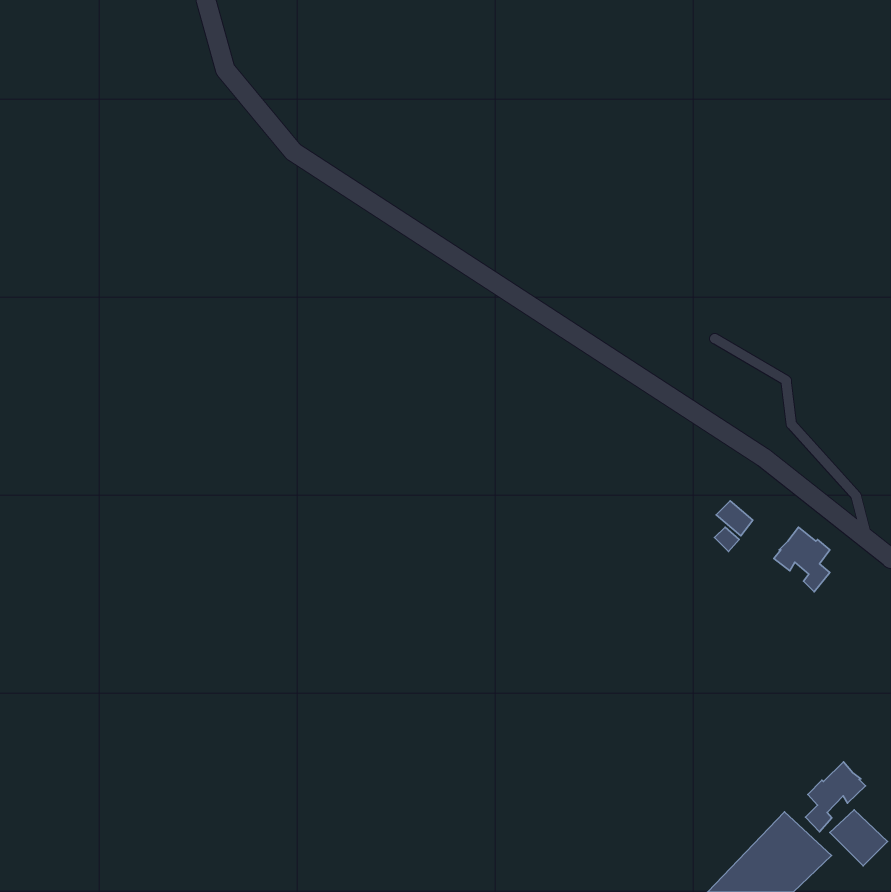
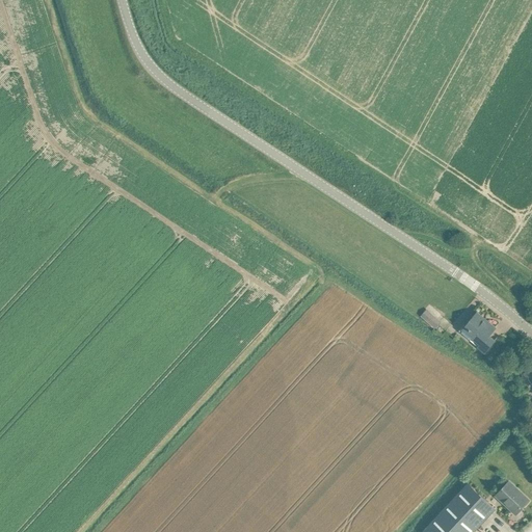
building: [805,762,865,832] -> none

